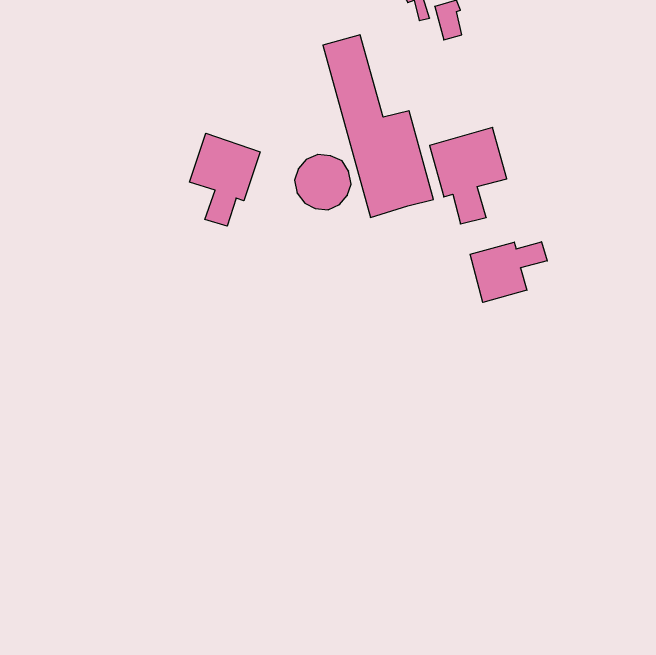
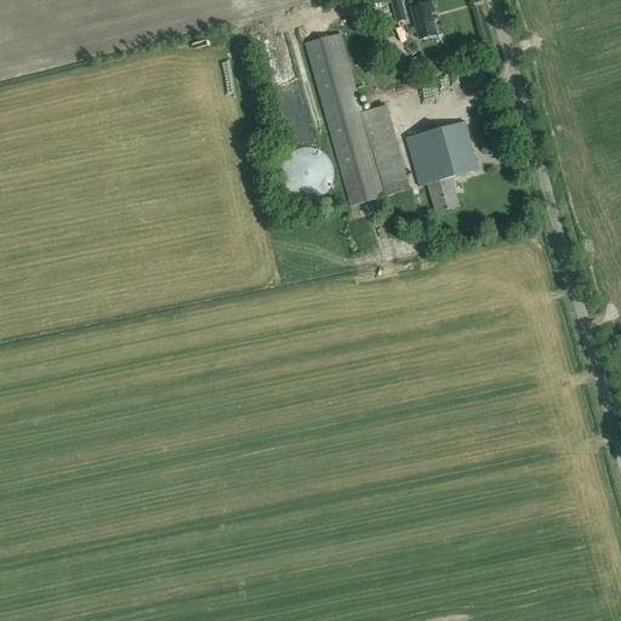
building: [190,133,260,226] -> none
building: [470,242,547,302] -> none

